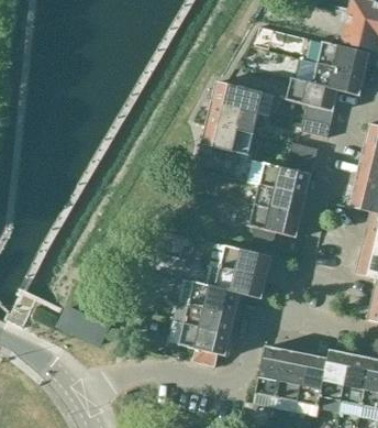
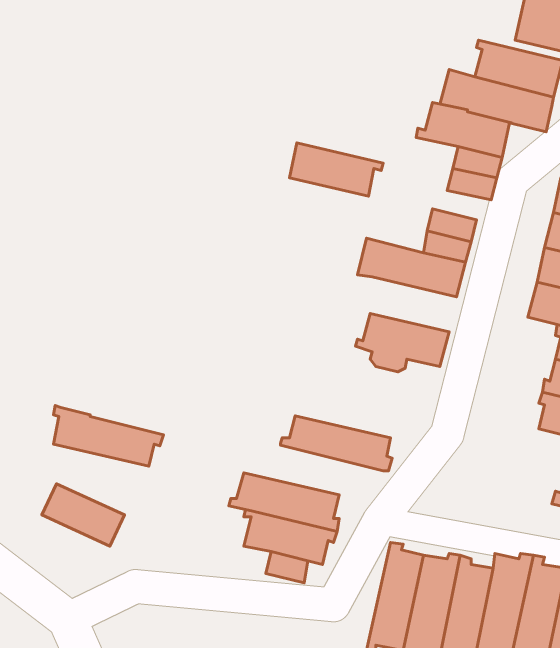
building: [211,80,274,116] -> none
building: [201,123,254,156] -> none
building: [255,183,307,216] -> none
building: [210,242,276,279] -> none
building: [179,277,245,314] -> [53,406,163,466]

